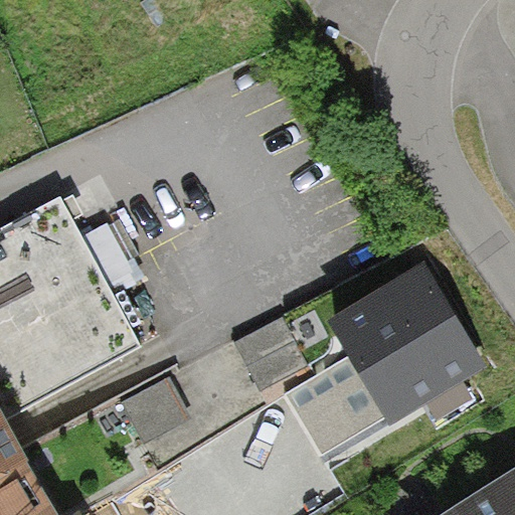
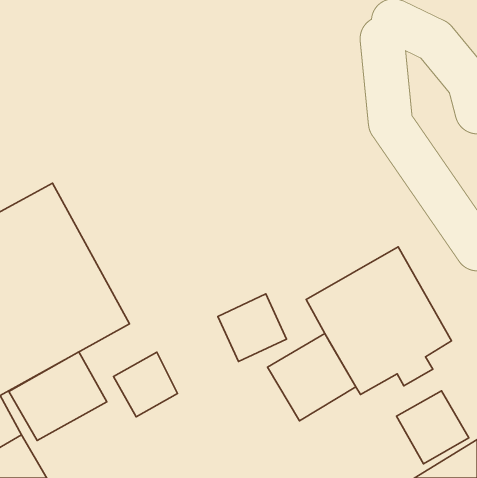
building: none -> [9,352,107,441]
building: none -> [396,391,469,464]

